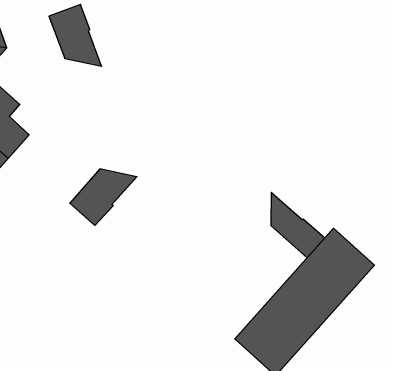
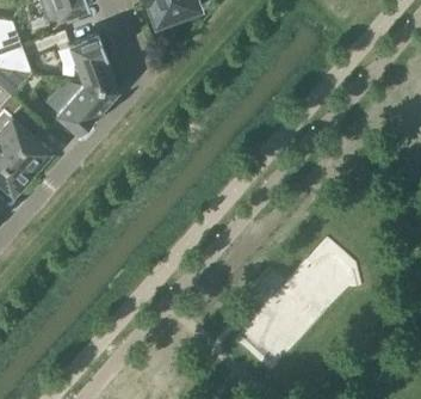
building: [70,169,137,225] -> [55,84,116,135]
building: [271,192,325,258] -> none

